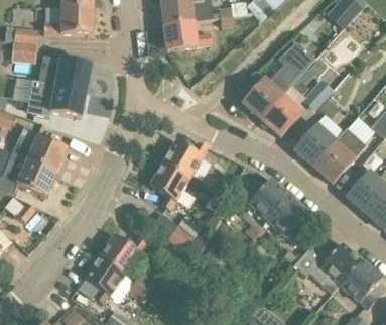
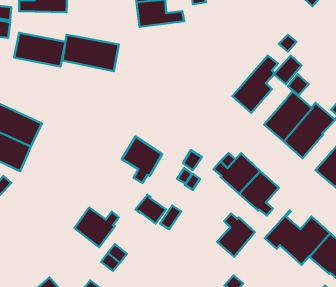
building: [237,39,312,120] -> none
building: [28,80,86,117] -> [63,35,119,71]
building: [162,139,207,180] -> none
building: none -> [217,214,255,257]
building: [85,255,125,304] -> none

